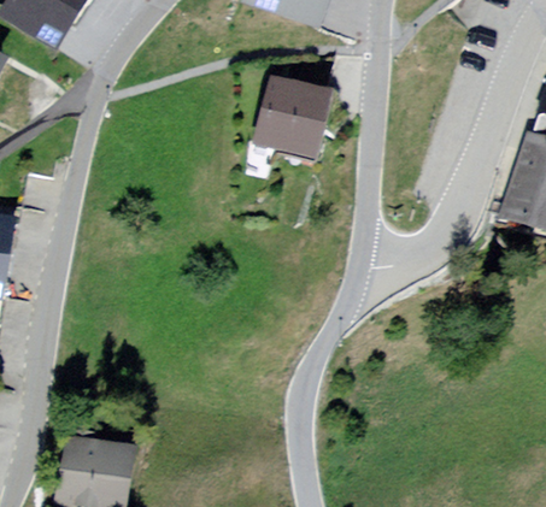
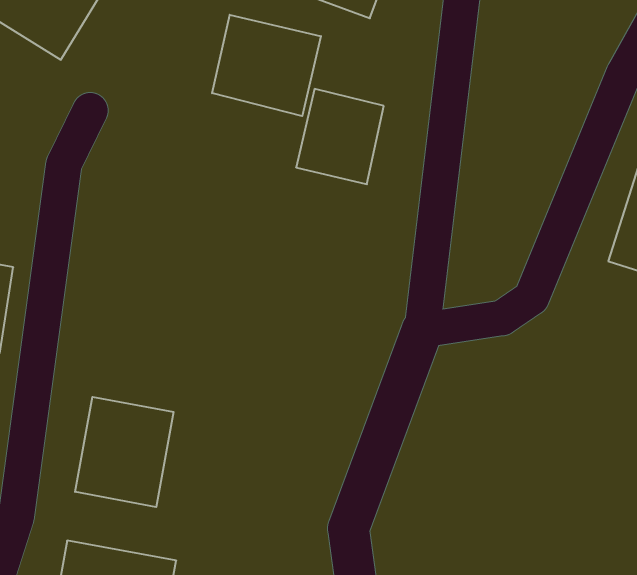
building: none -> [212,15,321,116]
building: none -> [75,397,174,507]

